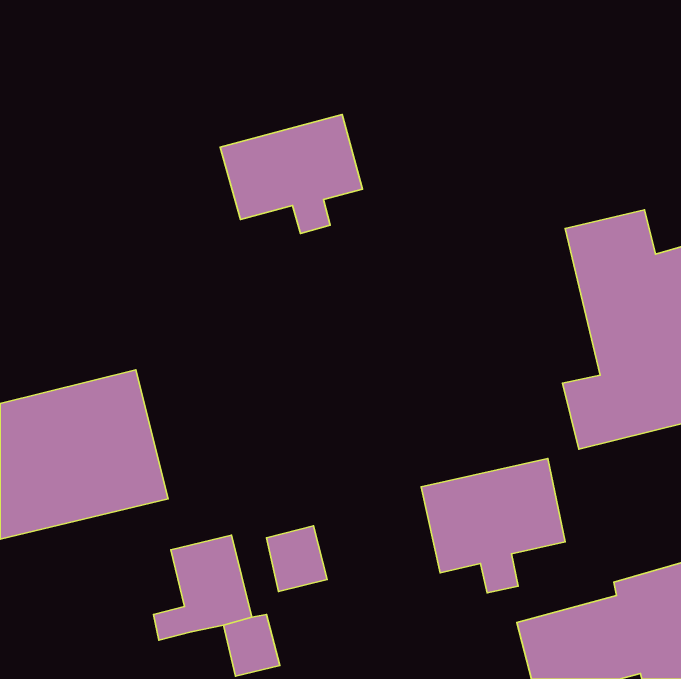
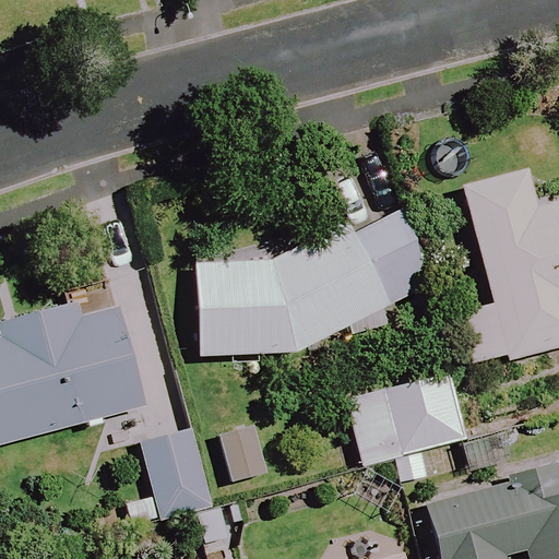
building: [220,114,363,233] -> none
building: none -> [197,206,443,356]

